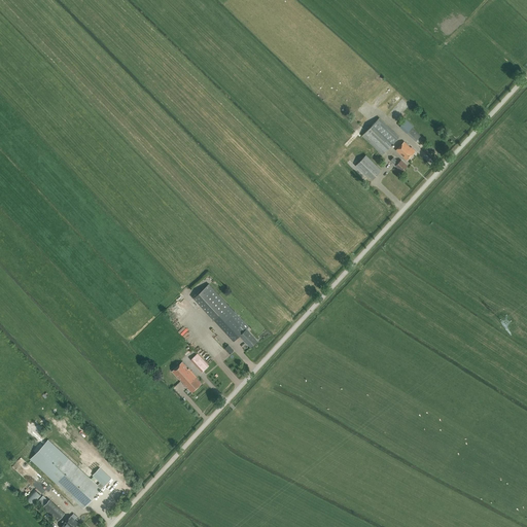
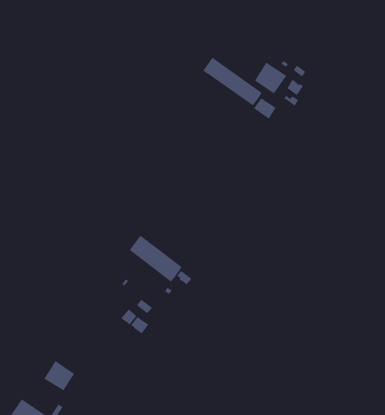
building: none -> [203,57,263,106]
building: none -> [44,360,75,391]

